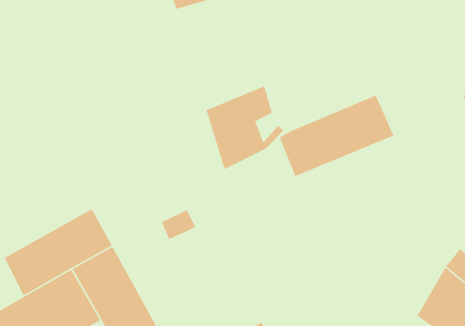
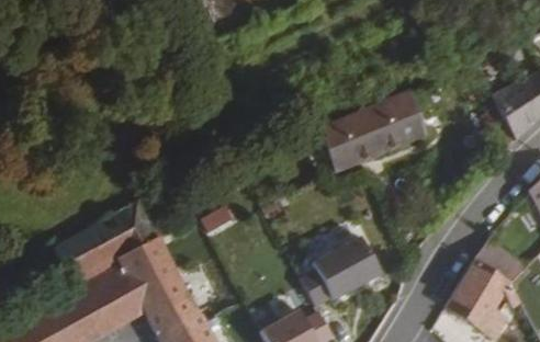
building: [206,85,284,170] -> none
building: none -> [313,235,381,298]

